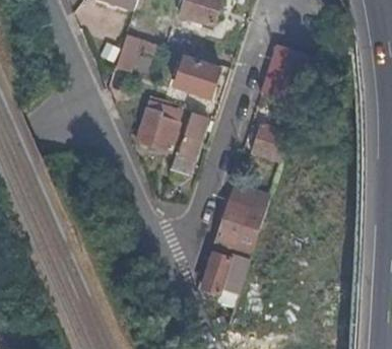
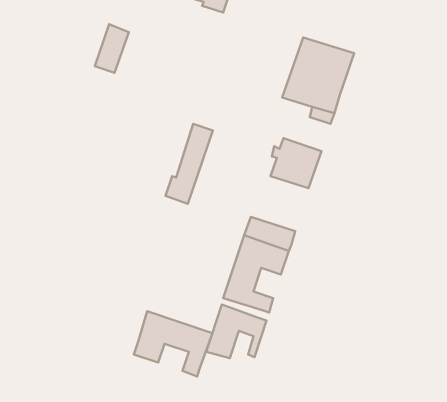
building: [174,57,219,98] -> none
building: [135,107,179,151] -> none
building: none -> [134,311,212,376]

